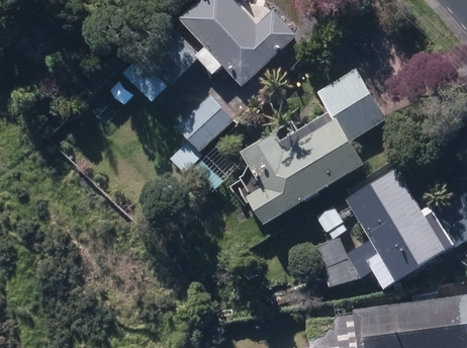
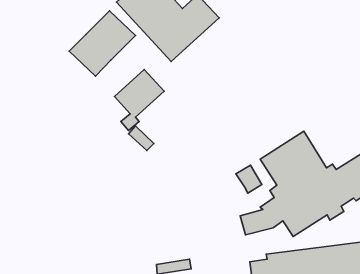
building: [241,68,386,225] -> none

